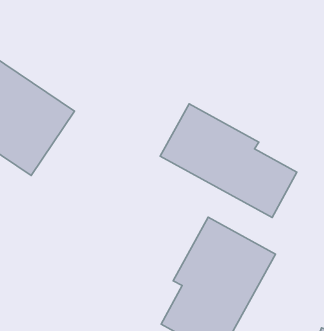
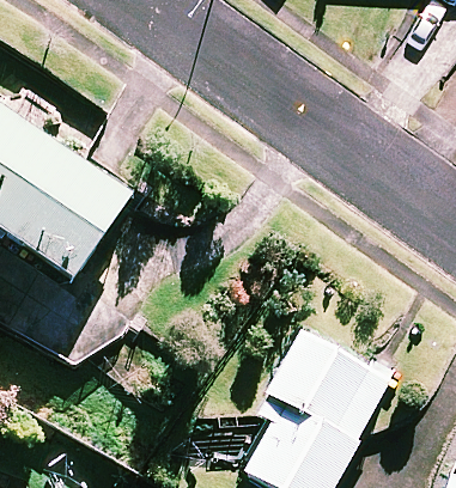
building: [160,104,297,218] -> none

